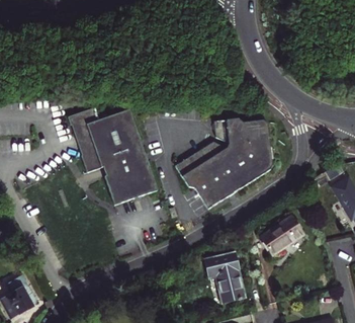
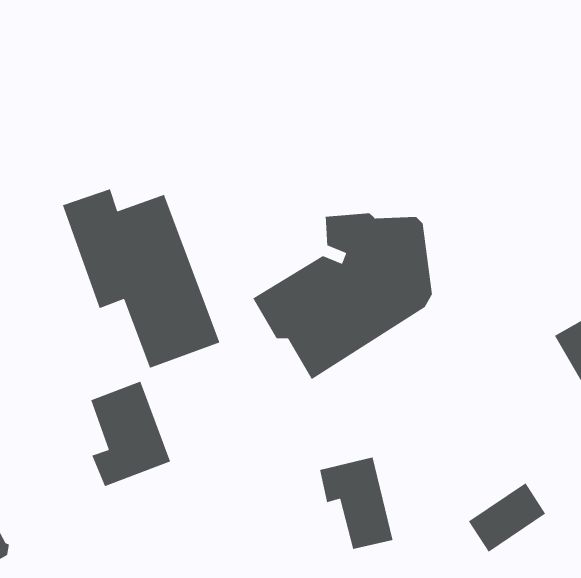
building: none -> [90,380,171,487]
building: [263,216,305,254] -> [468,482,546,553]

